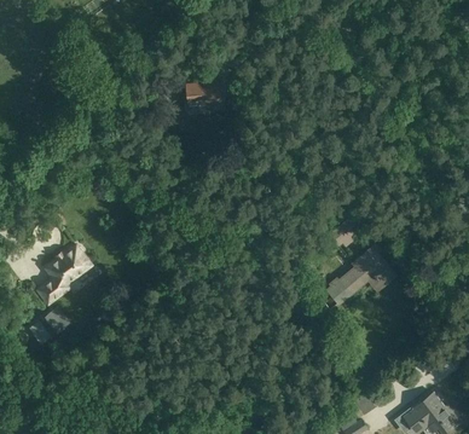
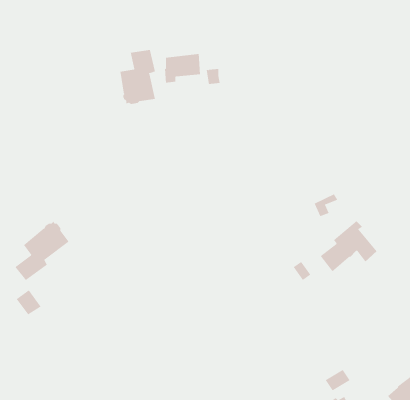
building: none -> [120,49,156,105]

